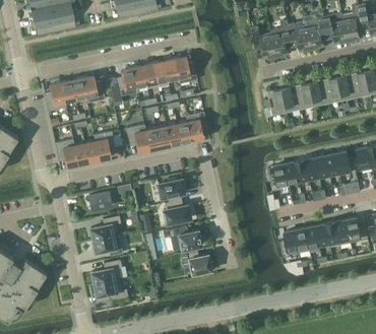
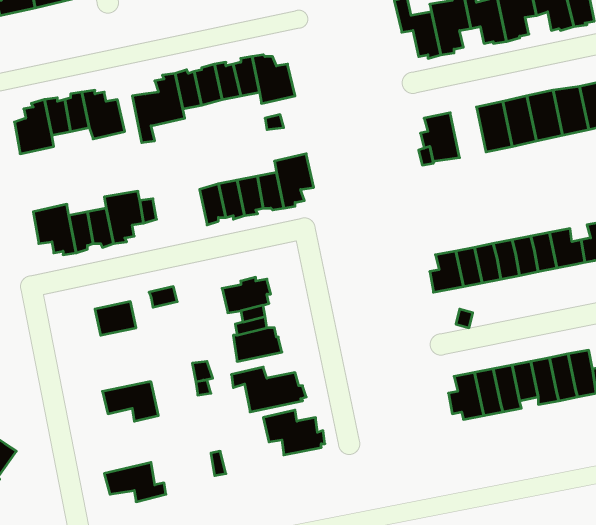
building: [283,85,302,113] -> none
building: [127,124,150,150] -> none
building: [91,215,121,240] -> none
building: [92,259,122,284] -> none

